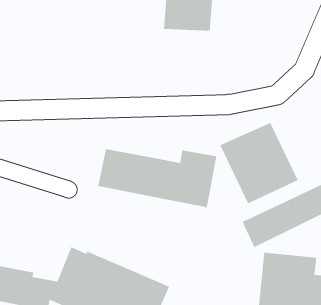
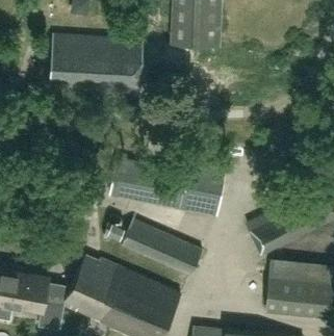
building: none -> [49,34,144,93]
building: [220,122,298,204] -> none
building: none -> [121,218,202,276]

